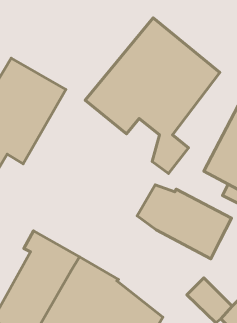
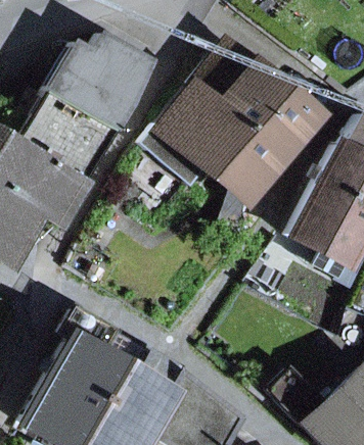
building: none -> [44,37,148,134]
building: [137,185,231,259] -> none

